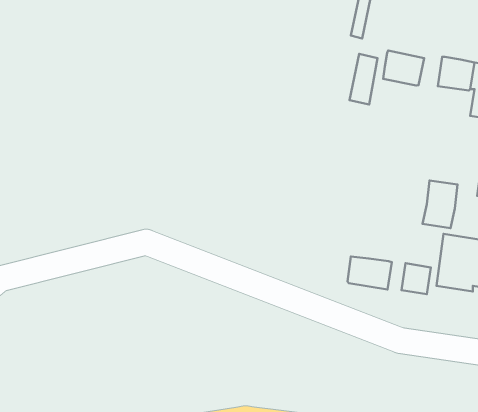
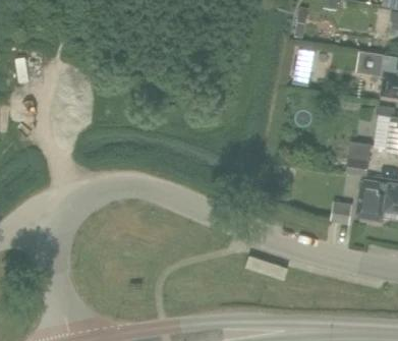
building: [383,51,424,86] -> none
building: [347,256,392,290] -> none

